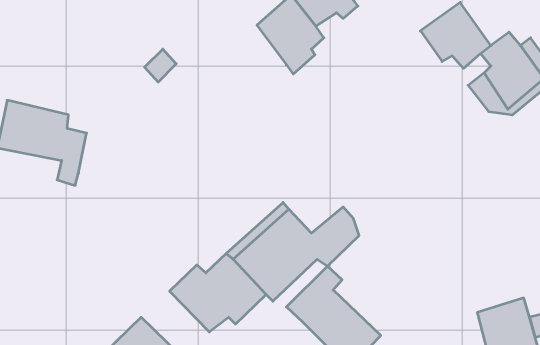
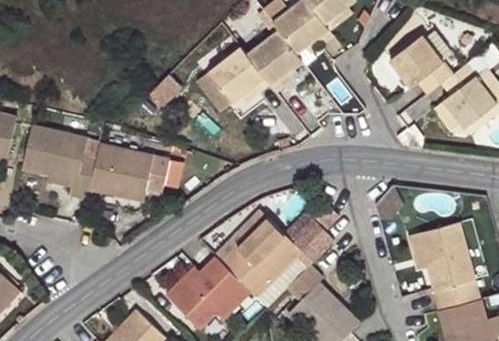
building: none -> [208,49,269,106]
building: none -> [86,142,169,198]
building: none -> [415,219,478,309]

